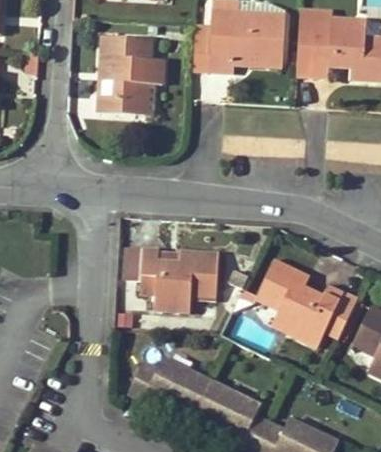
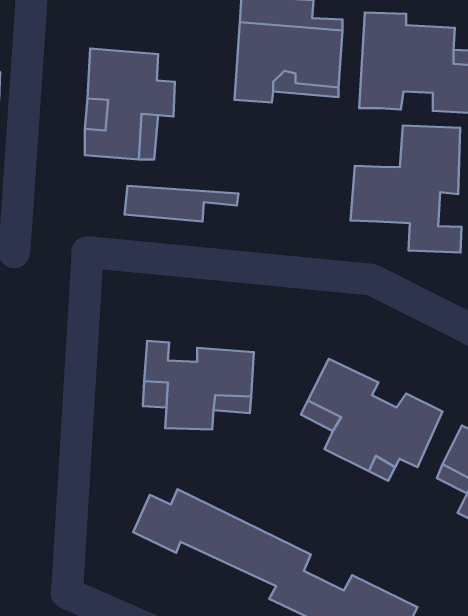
building: none -> [350,125,462,253]
building: none -> [125,186,238,222]

